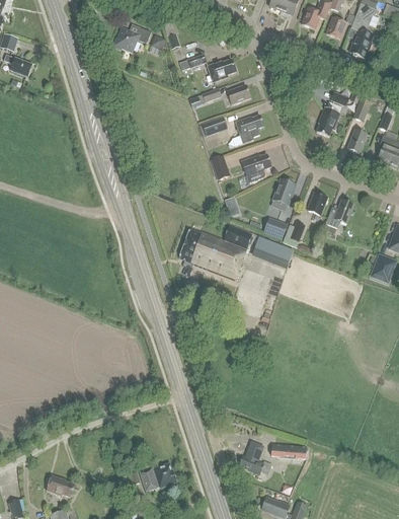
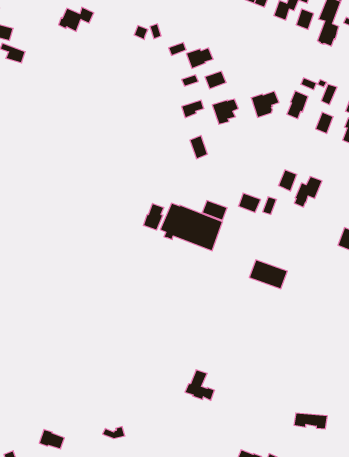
building: [112,25,151,52] -> [59,7,94,31]
building: [241,153,271,181] -> [251,91,279,117]
building: [273,178,295,211] -> none
building: none -> [143,203,164,230]
building: [254,235,296,267] -> [249,260,287,289]
building: [239,441,271,474] -> [185,370,215,400]
building: [270,442,307,459] -> [294,413,327,429]
building: [140,462,177,489] -> none

